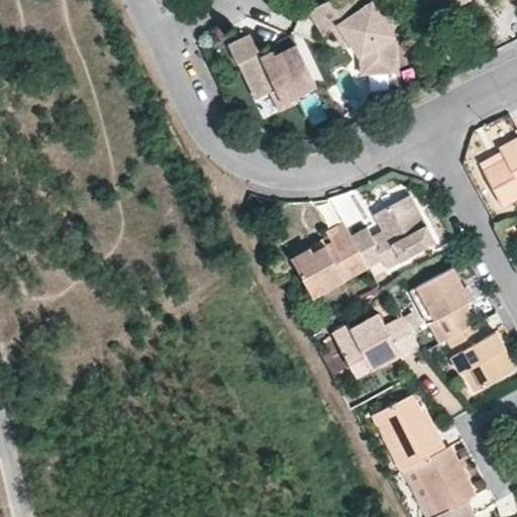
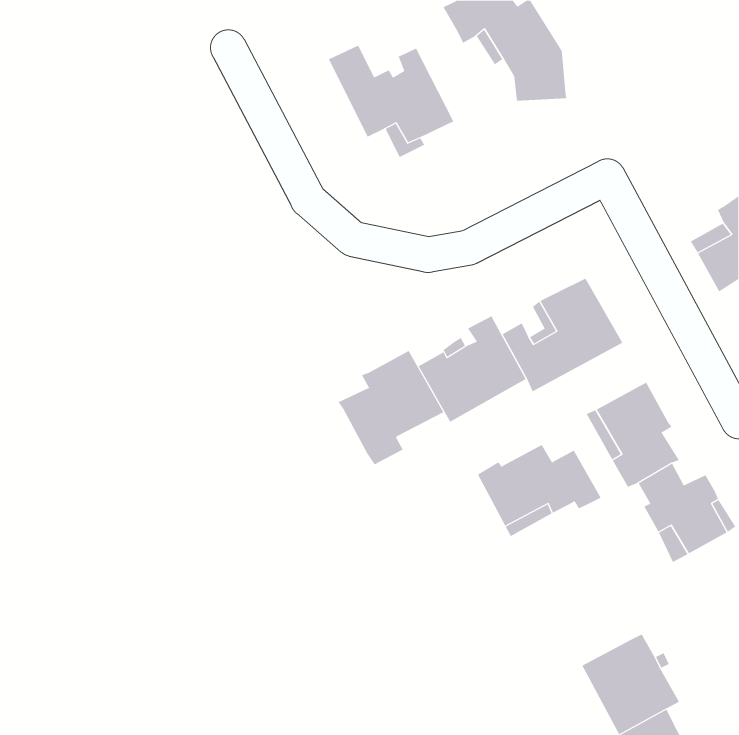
building: none -> [338,350,444,465]
building: [370,394,444,471] -> none

